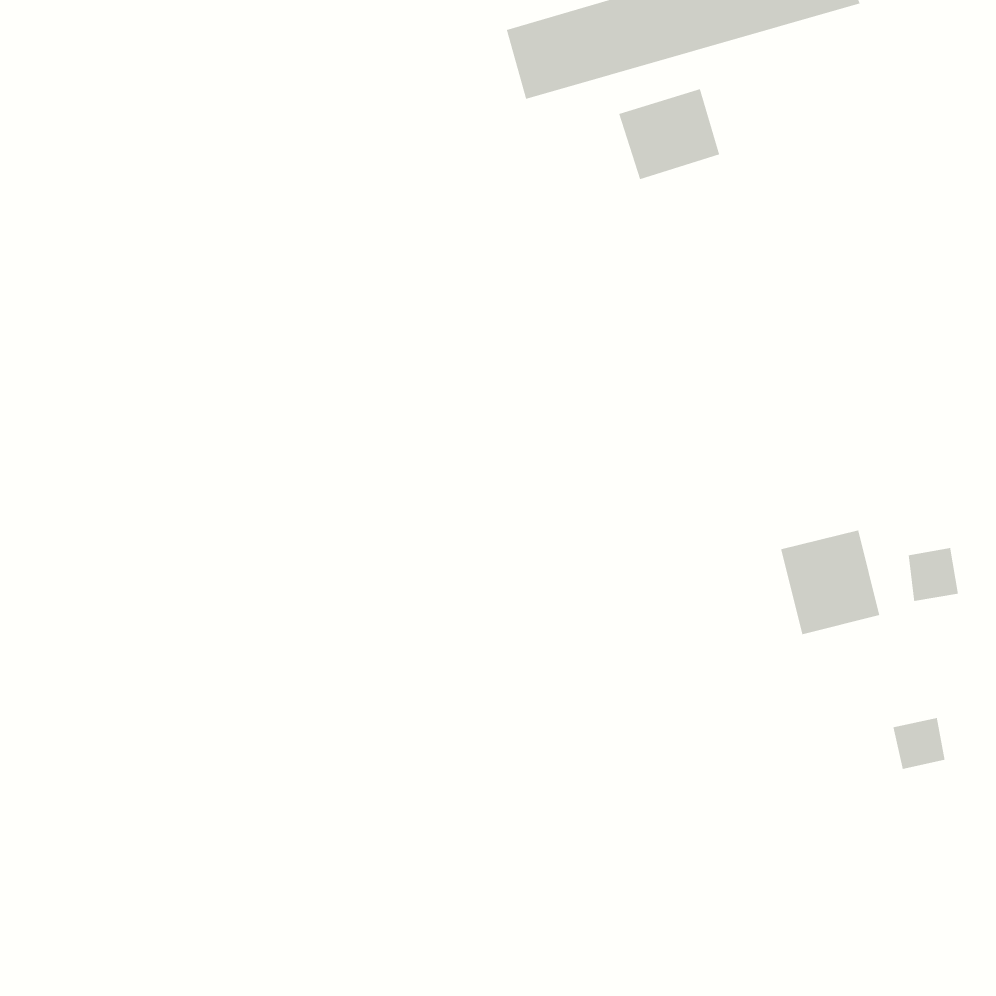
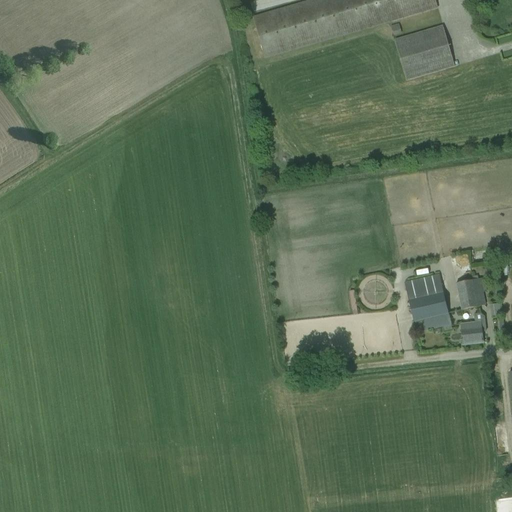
building: [618,88,720,180] -> [400,28,452,75]
building: [892,717,945,770] -> [456,318,483,345]

